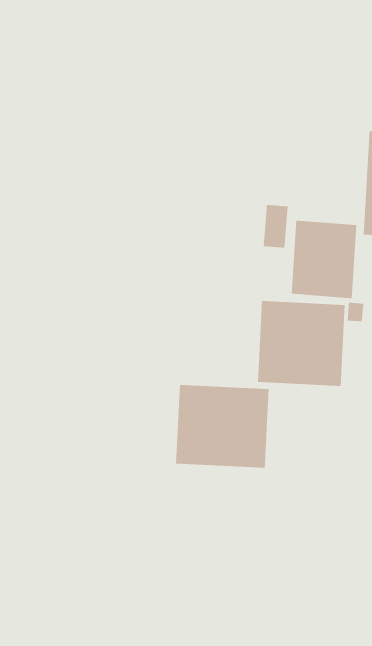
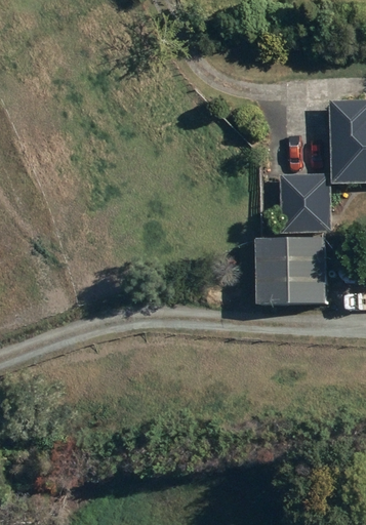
building: [176,384,269,469] -> none

